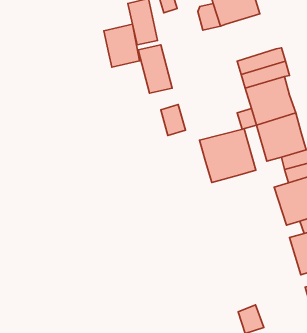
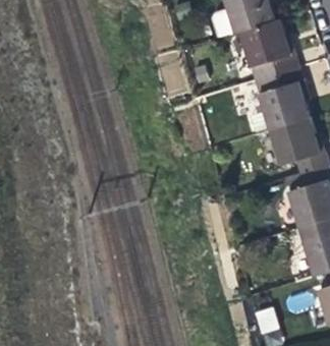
building: none -> [239,18,289,66]
building: [104,24,140,67] -> none
building: [199,129,256,183] -> none

